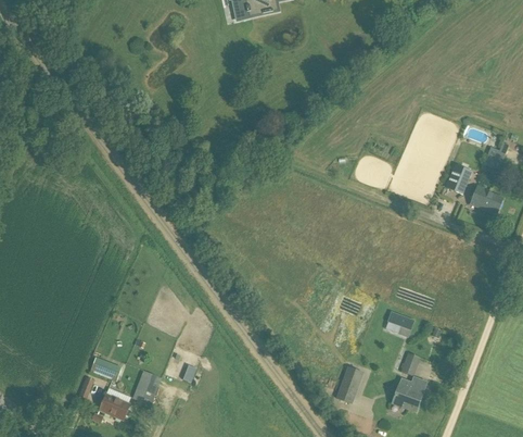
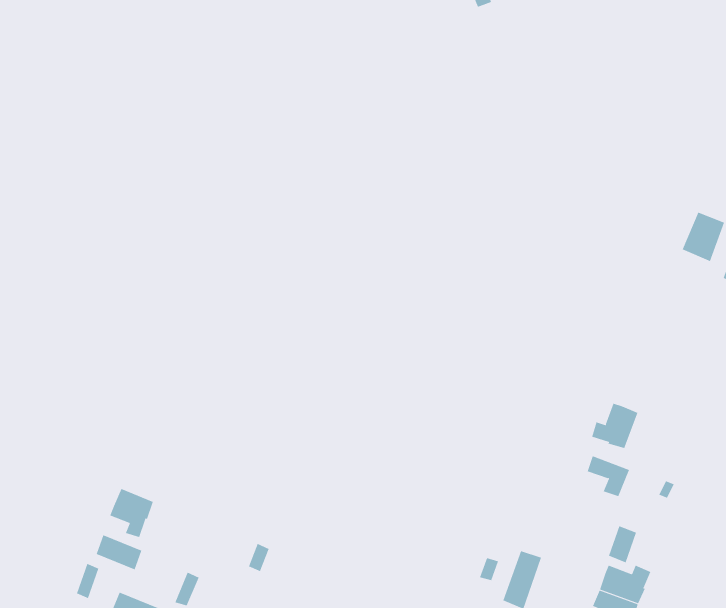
building: none -> [591,403,638,449]
building: none -> [110,488,154,538]

